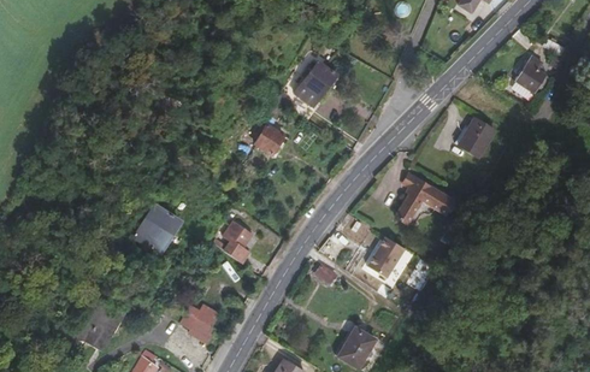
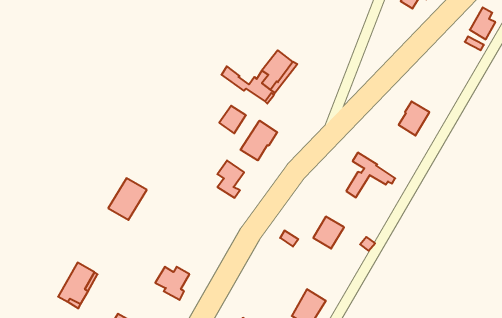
building: [517,53,545,89] -> [470,7,495,39]
building: none -> [241,121,277,160]
building: [226,218,256,260] -> [217,160,244,198]

